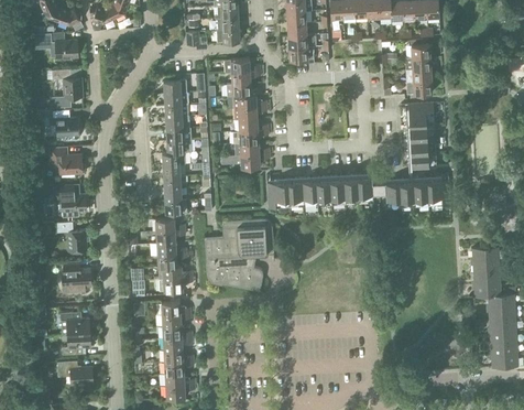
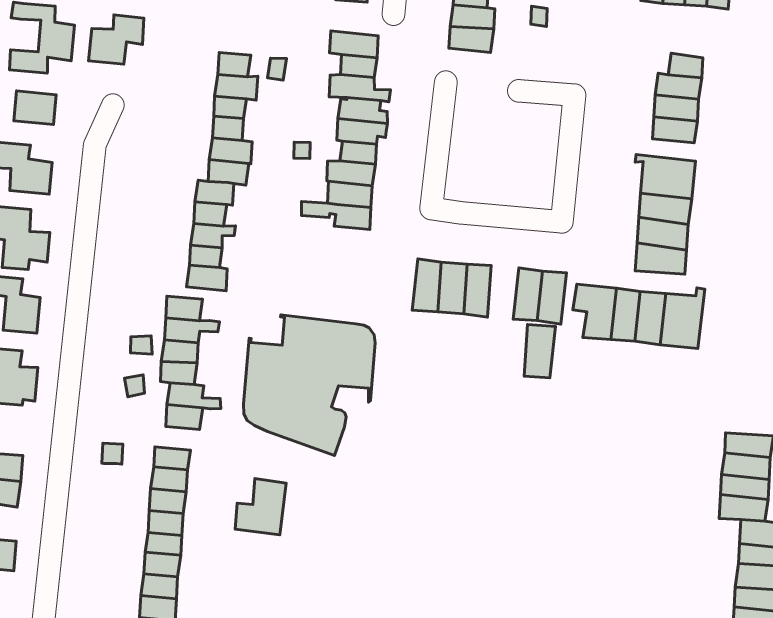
building: none -> [89,15,144,64]
building: [266,175,291,208] -> none
building: [330,175,347,205] -> [524,324,555,378]
building: none -> [235,479,286,535]

